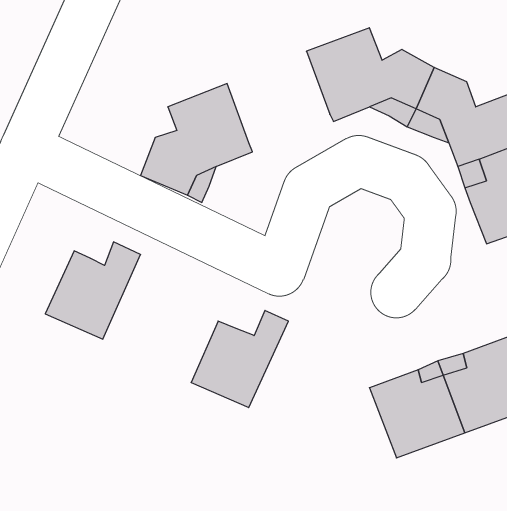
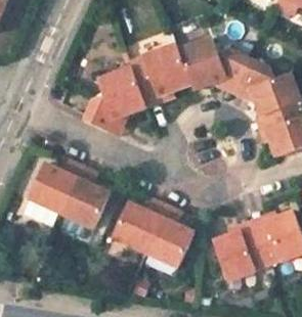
building: none -> [128,43,189,101]
building: none -> [60,165,111,228]
building: none -> [143,202,193,267]

